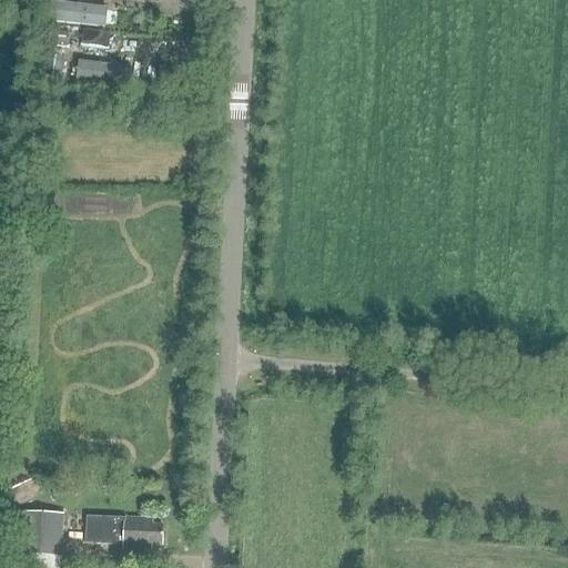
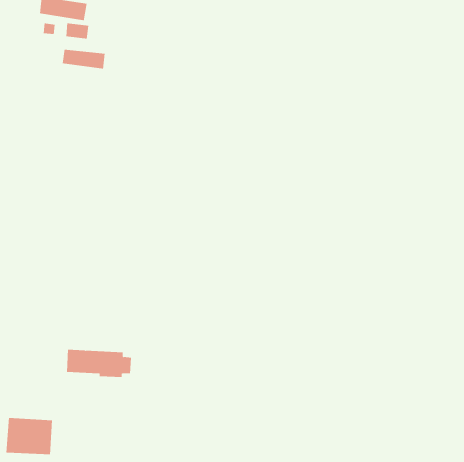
building: [84,514,164,548] -> [66,349,132,378]

